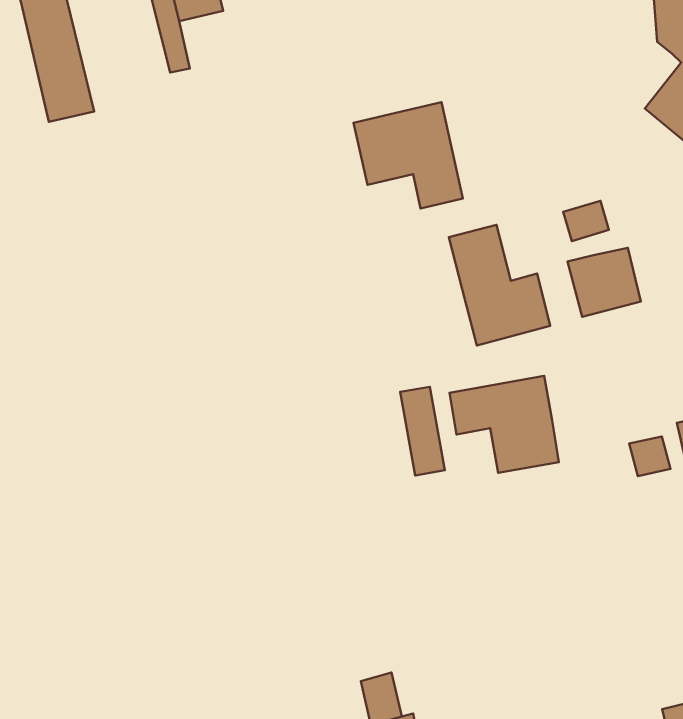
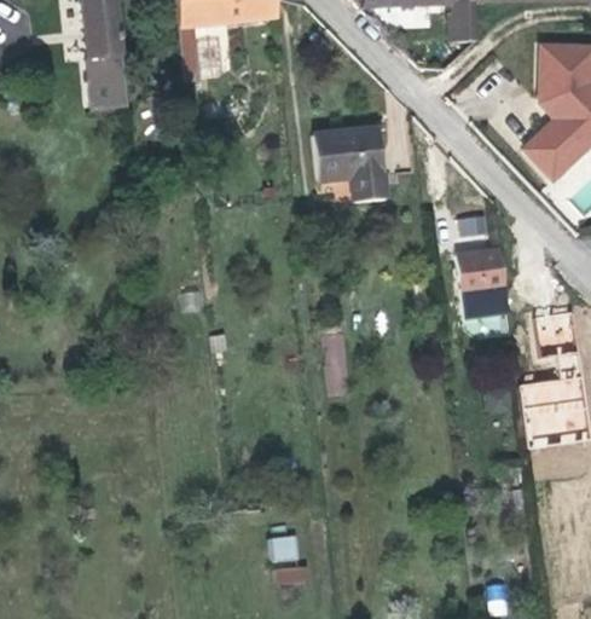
building: [449,225,550,345] -> none
building: [450,376,559,473] -> none

